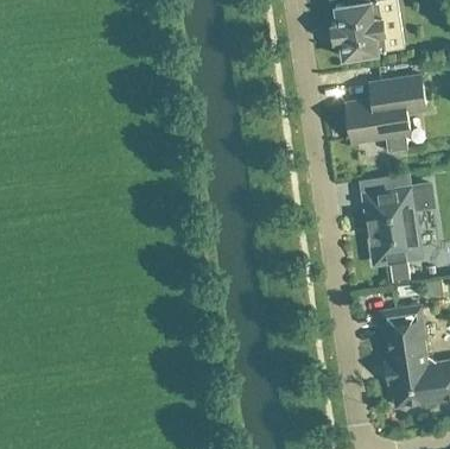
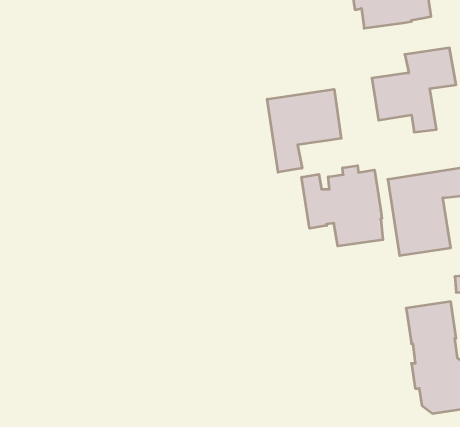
building: none -> [267,89,341,172]
building: none -> [302,166,383,246]

